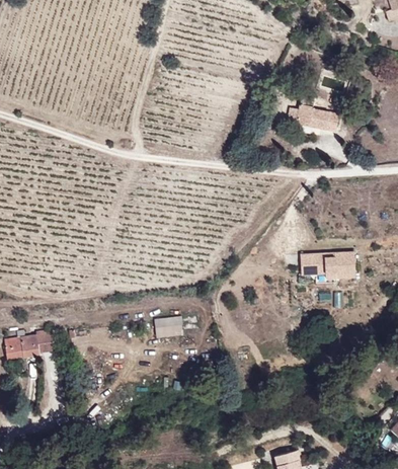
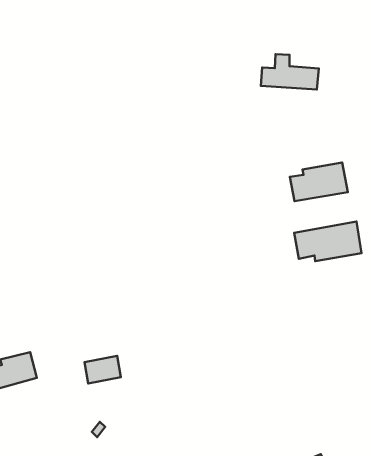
building: none -> [290,163,348,201]
building: [154,317,184,338] -> [84,356,121,384]

